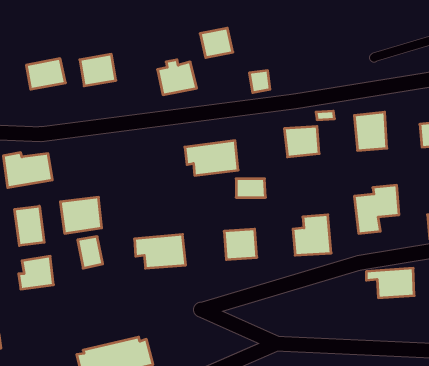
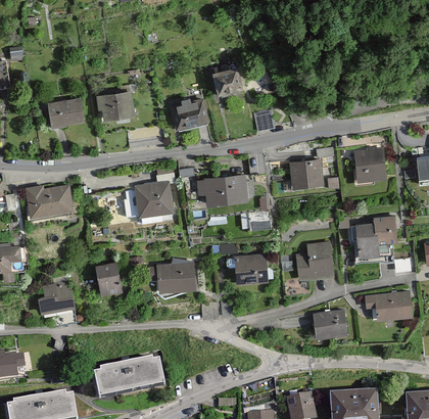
building: [60,197,102,233] -> [134,181,173,215]
building: [15,206,44,246] -> none
building: none -> [314,311,346,339]

